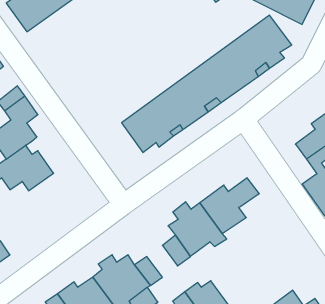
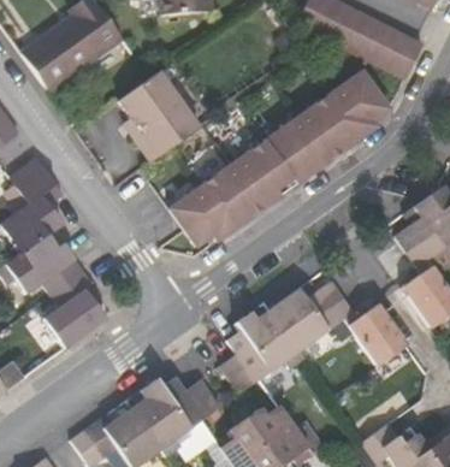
building: none -> [118,71,199,161]
building: none -> [42,272,105,348]
building: none -> [321,298,410,366]

